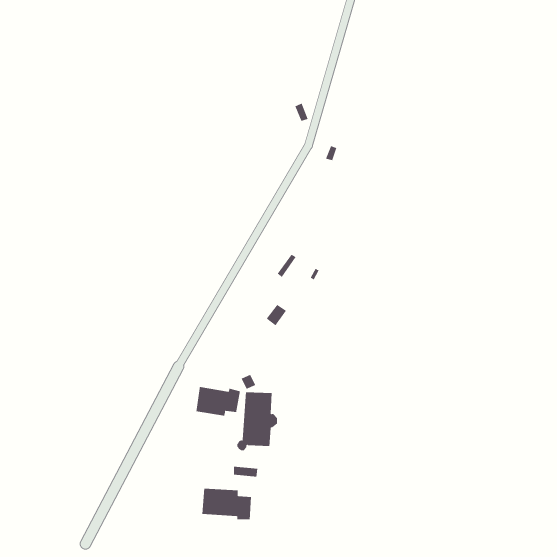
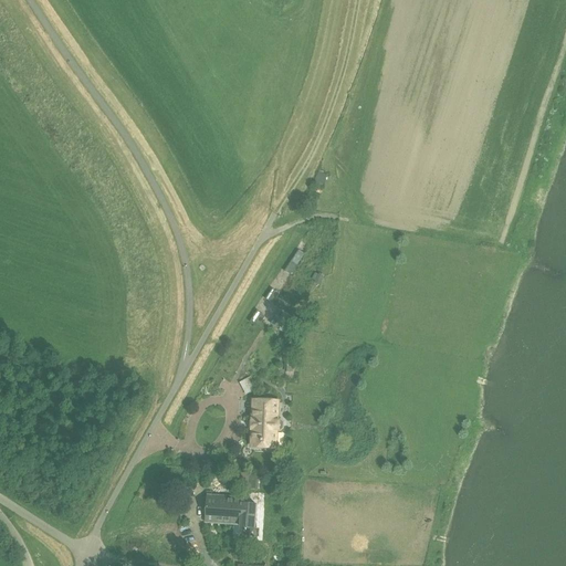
building: [196,386,241,417] -> none

